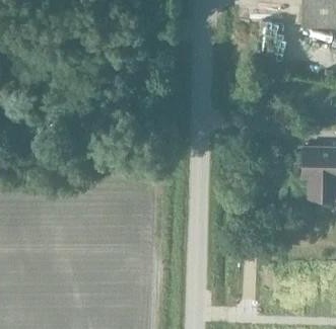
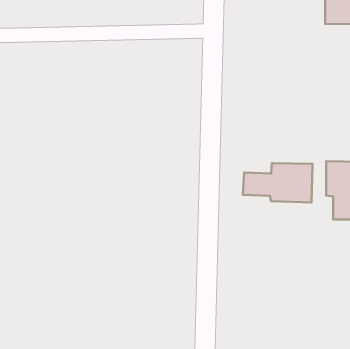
building: none -> [243,163,312,203]

